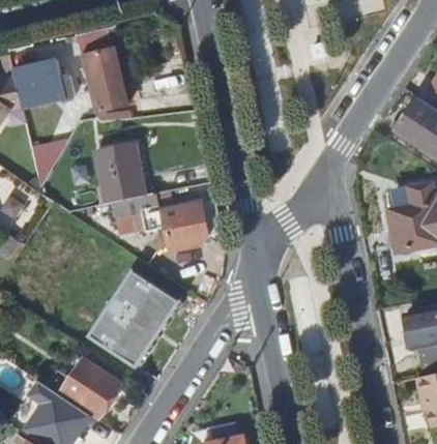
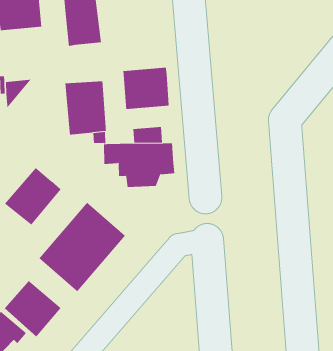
building: none -> [123,67,169,110]
building: none -> [4,167,62,226]

